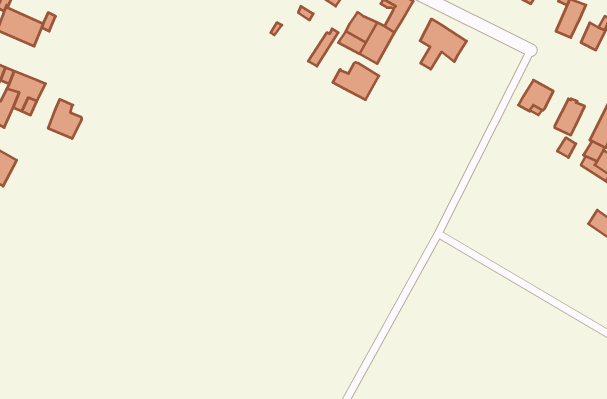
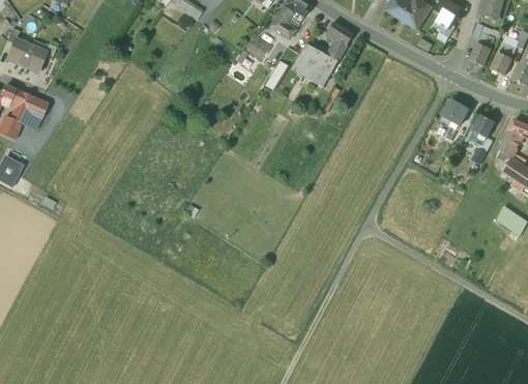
building: [420,19,467,69] -> none
building: [333,62,379,100] -> none
building: [48,99,82,139] -> none

